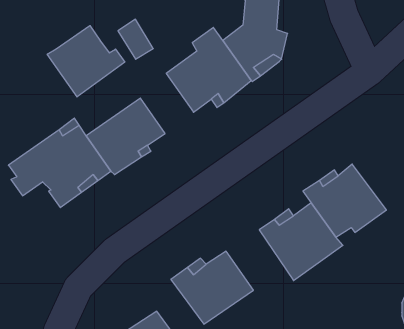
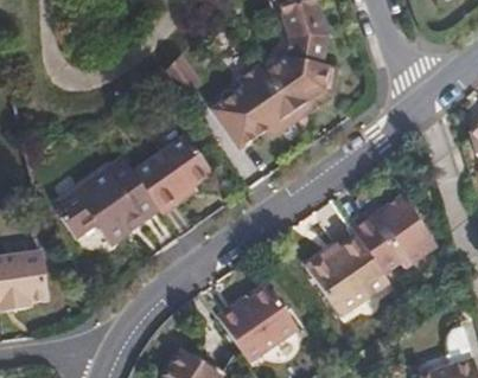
building: [47,26,125,97] -> none

